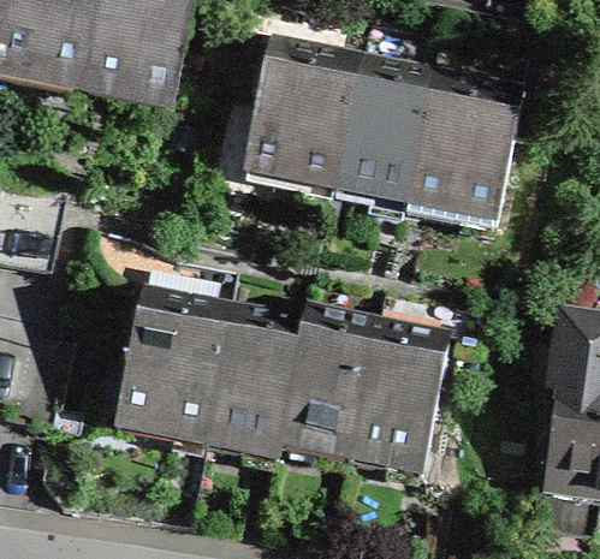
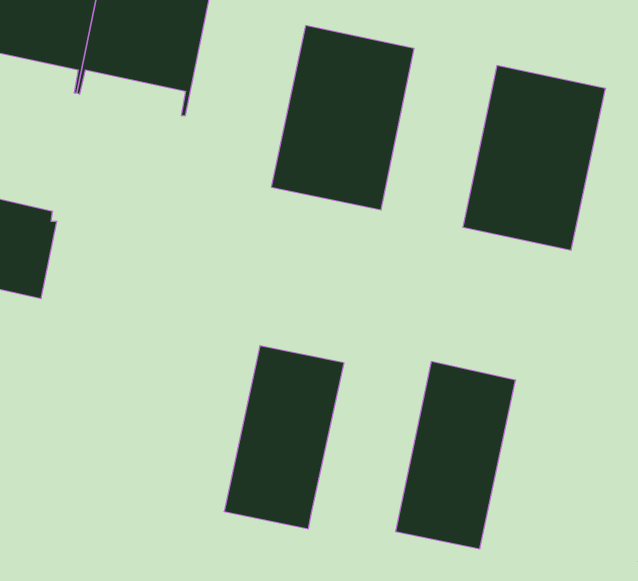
building: [333,60,430,210] -> none
building: [111,291,231,450] -> none
building: [274,309,375,466] -> none

